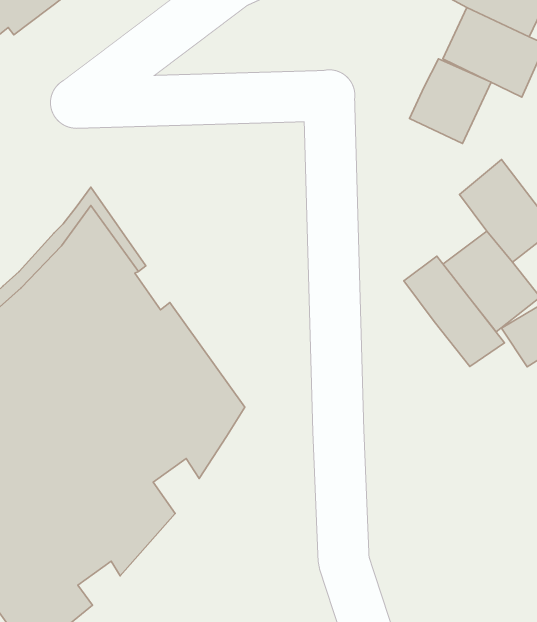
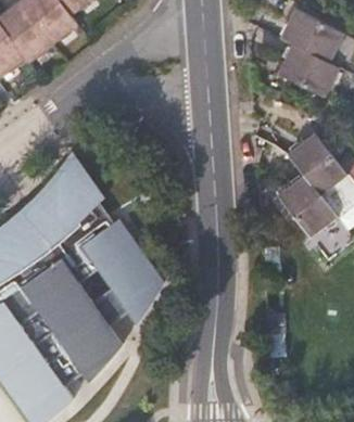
building: [409,59,491,143] -> none
building: [404,256,505,367] -> none

